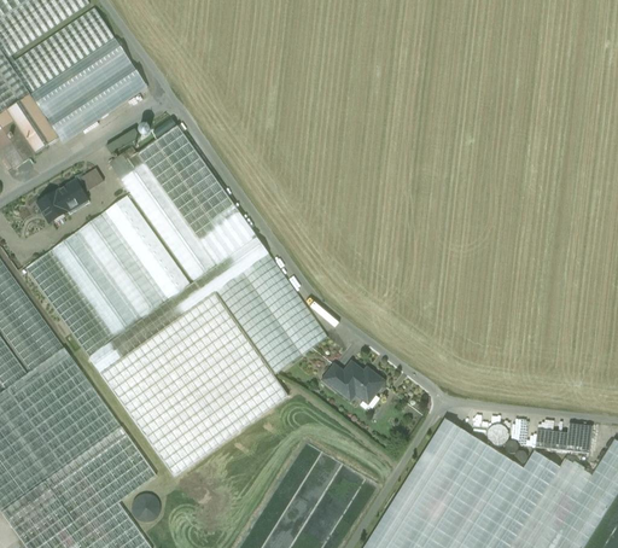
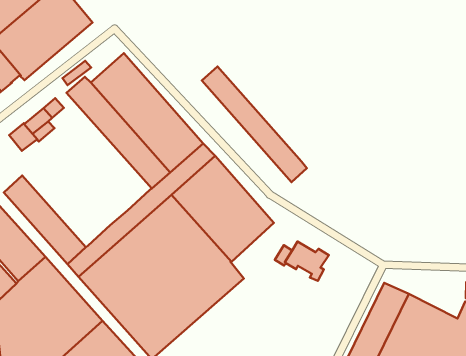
building: none -> [202,66,307,182]
building: [105,196,191,301] -> none
building: [78,215,163,319] -> none
building: [51,234,136,339] -> none

